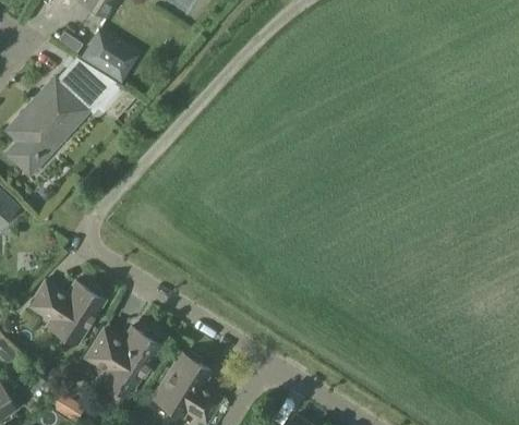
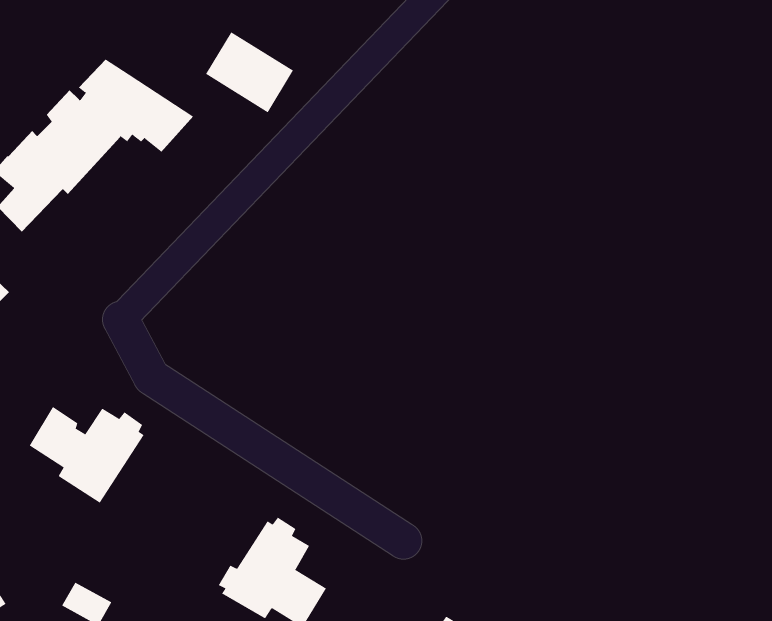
building: [79,29,135,82] -> [205,31,294,113]
building: [85,327,158,397] -> none

